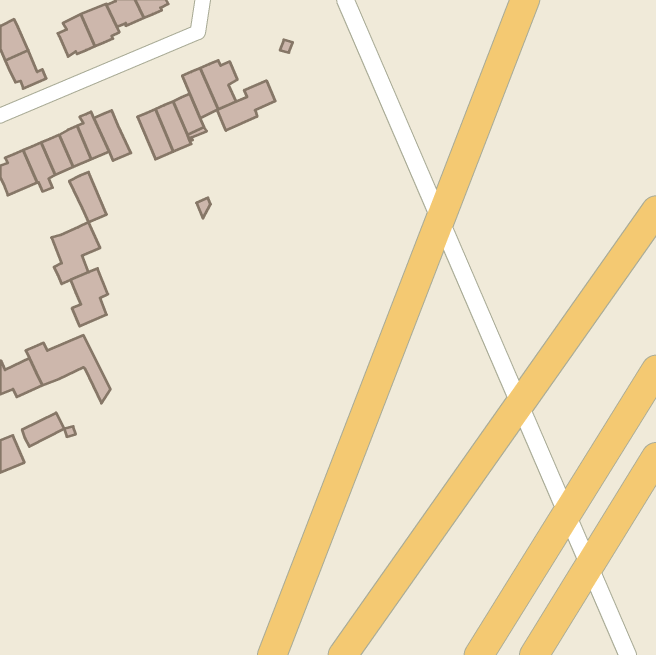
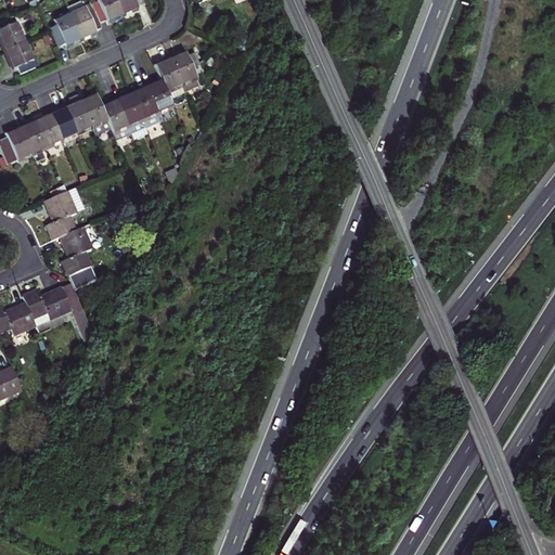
building: [217,81,275,131] -> none
building: [69,172,107,222] -> [100,99,131,141]
building: [22,413,64,447] -> none

